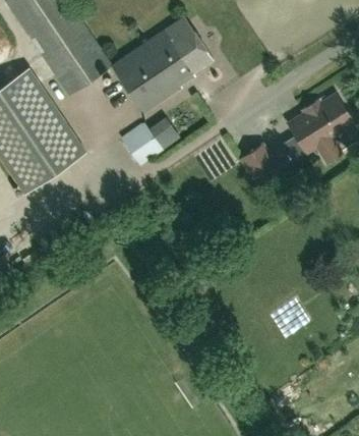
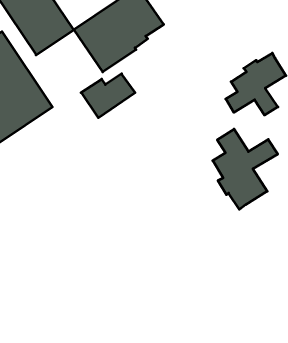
building: [240,145,282,187] -> none
building: none -> [213,129,278,209]

